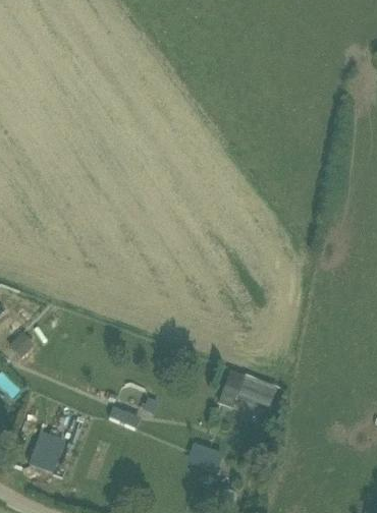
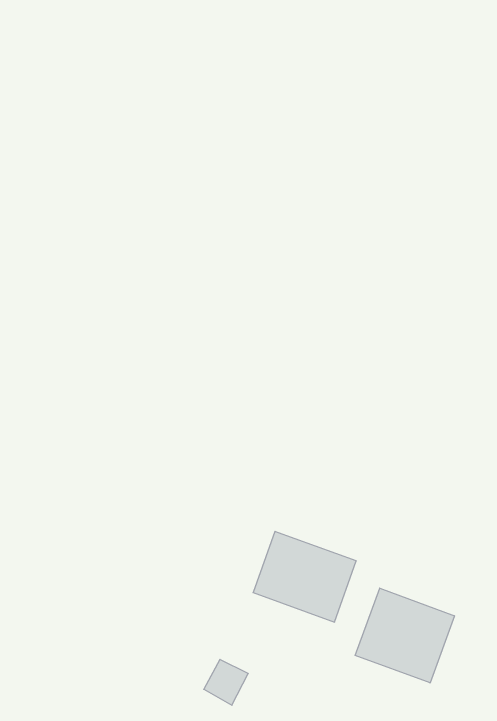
building: none -> [355,588,454,683]

